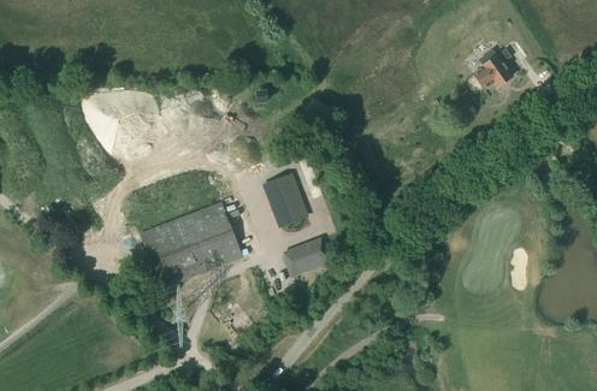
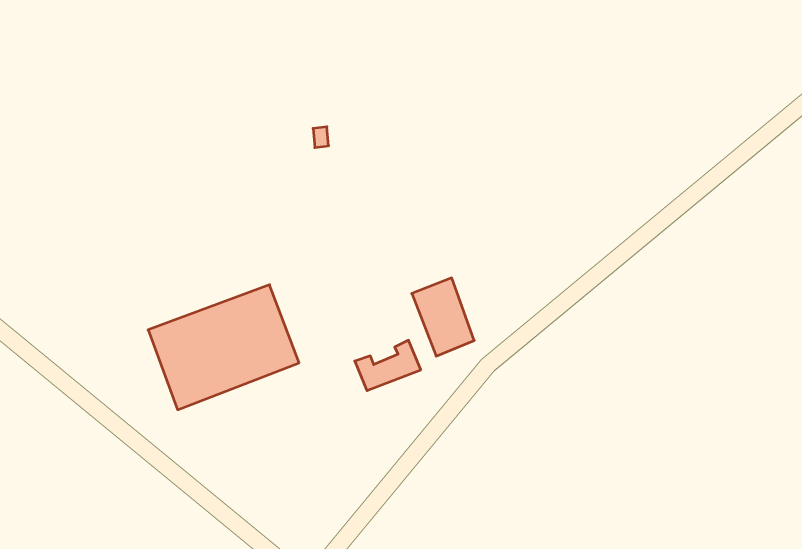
building: [473,47,512,88] -> none
building: [262,171,306,225] -> [412,278,474,356]

